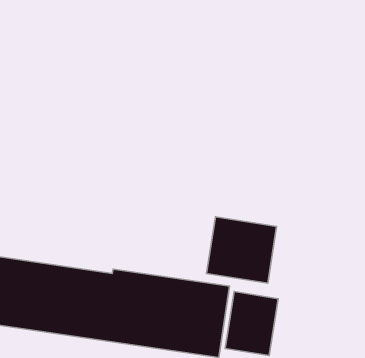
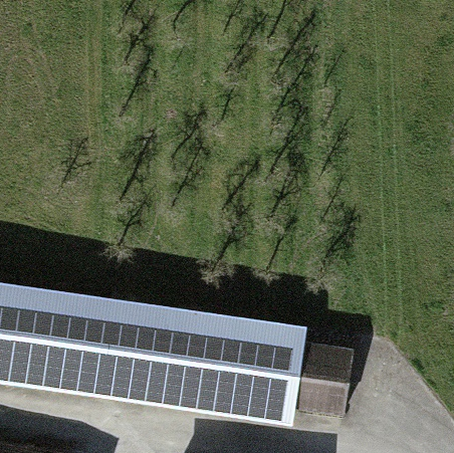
building: [207,217,277,283] -> none

